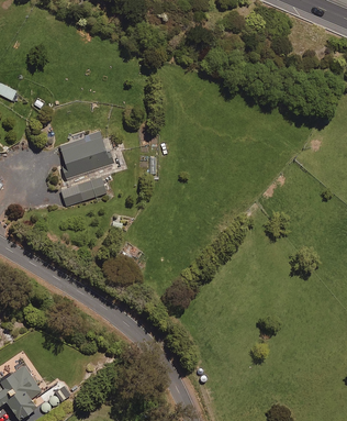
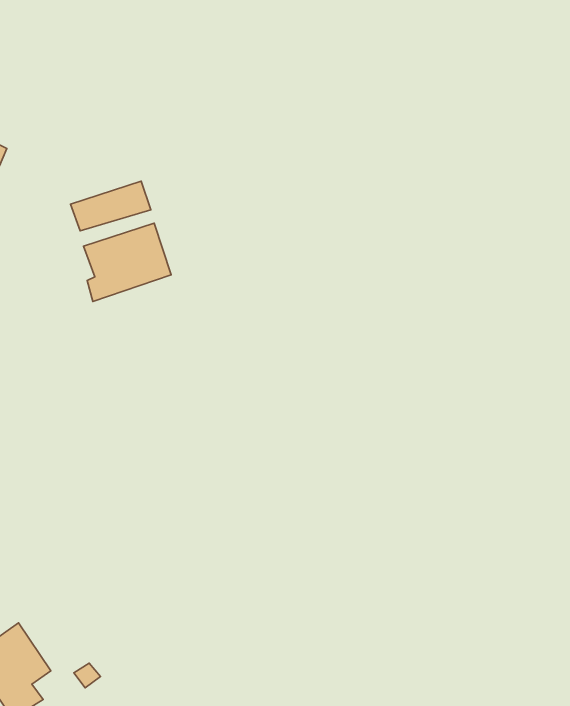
building: [61,176,108,204] -> [70,181,151,231]

